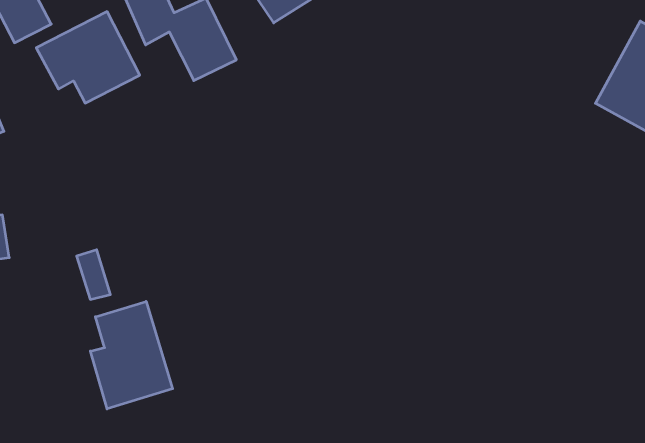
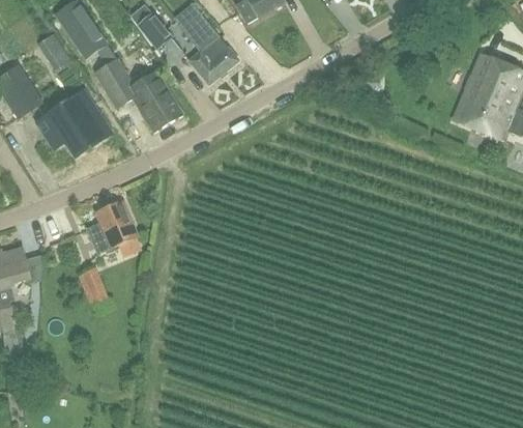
building: none -> [88,200,137,251]
building: [90,301,173,409] -> none

